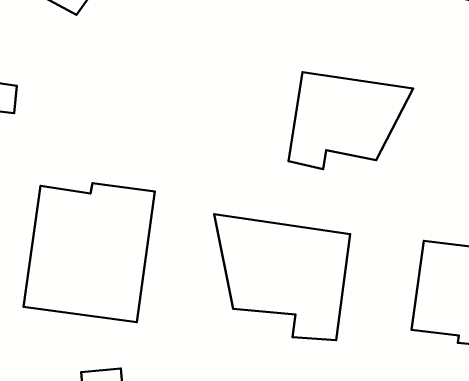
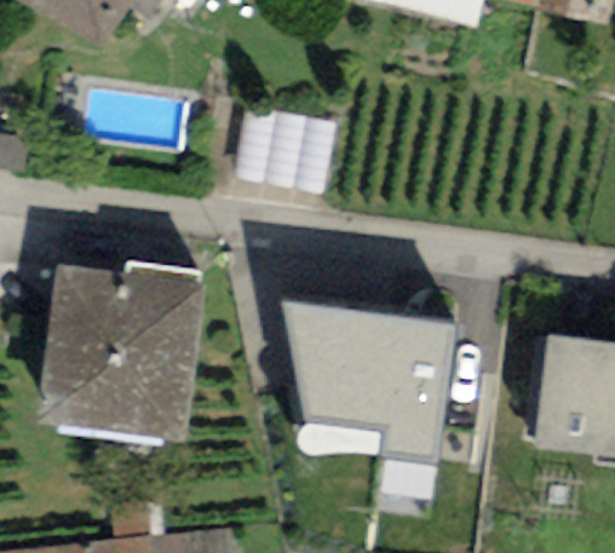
building: none -> [230,104,335,192]
building: [289,72,413,169] -> none

